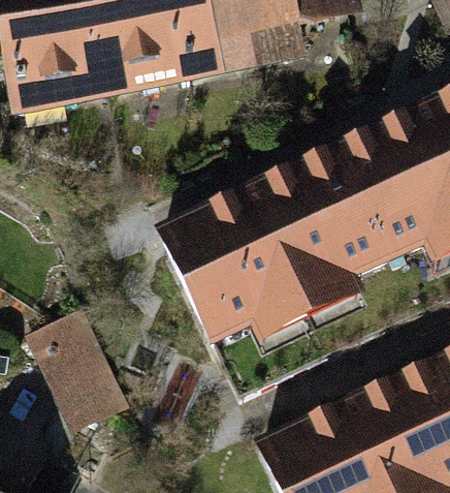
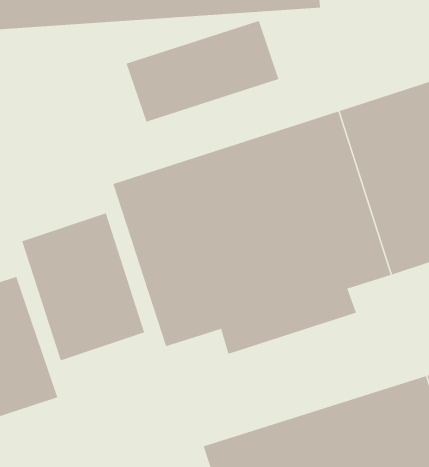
building: none -> [126,20,279,122]
building: none -> [21,213,145,361]

